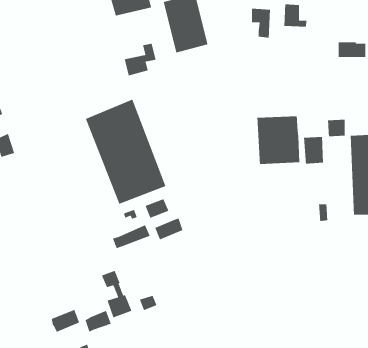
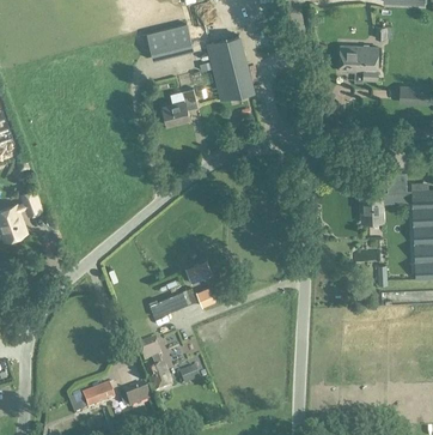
building: [251,8,271,38] -> [356,46,378,79]
building: [85,99,166,205] -> none
building: [256,115,300,165] -> none

